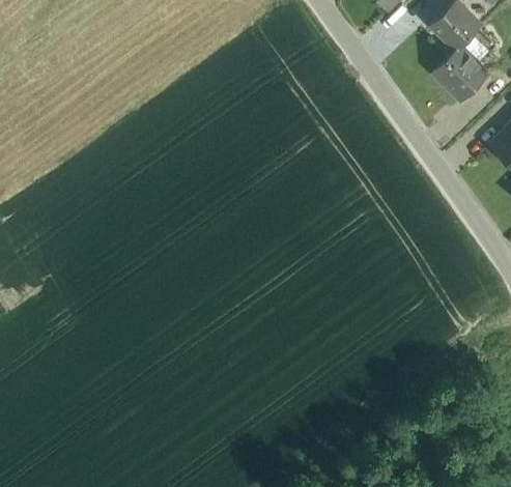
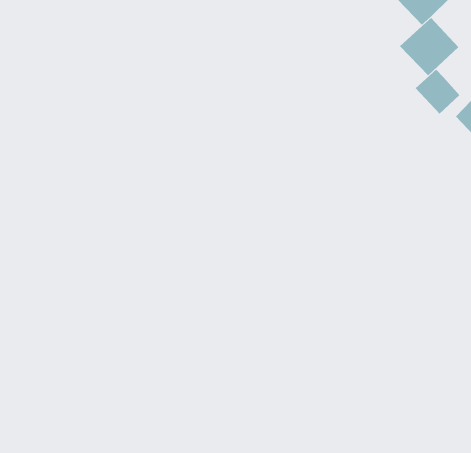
building: none -> [415,69,460,114]

